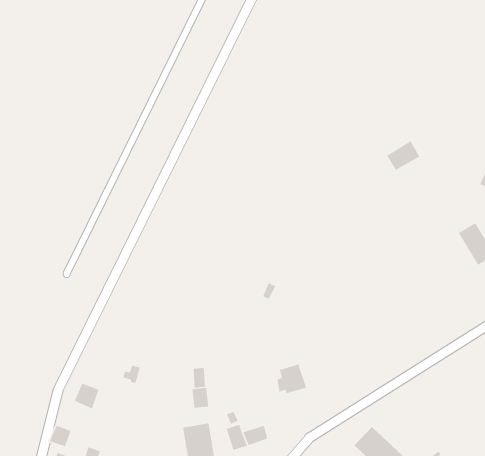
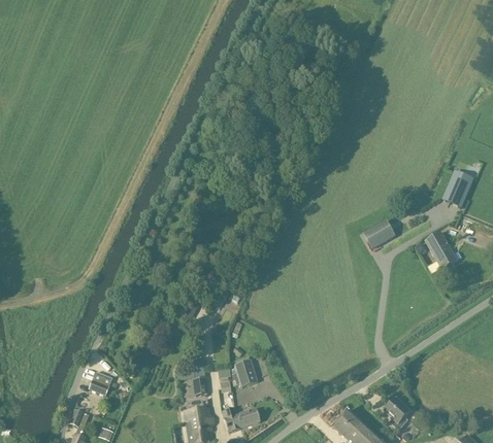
building: [386,140,420,171] -> [364,220,394,247]
building: [276,364,307,394] -> [231,360,258,386]
building: none -> [384,397,409,430]

